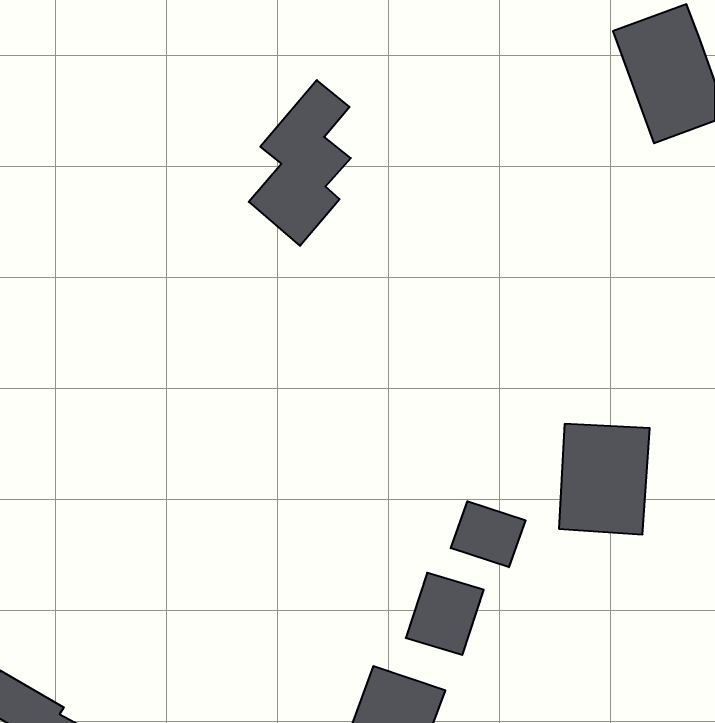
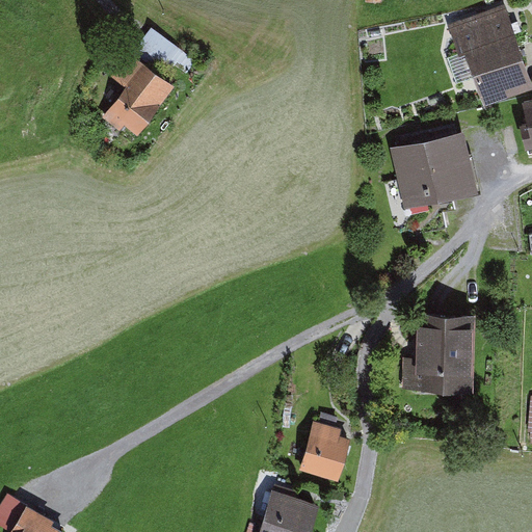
building: [249,80,351,246] -> [100,29,175,151]
building: none -> [388,135,477,213]
building: [451,501,526,567] -> none

